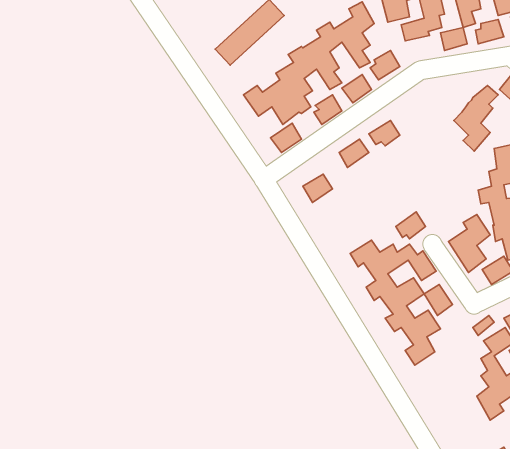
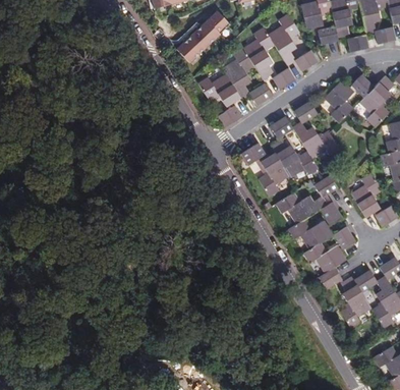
building: none -> [324,70,375,121]
building: none -> [261,123,340,196]
building: none -> [343,270,376,327]

